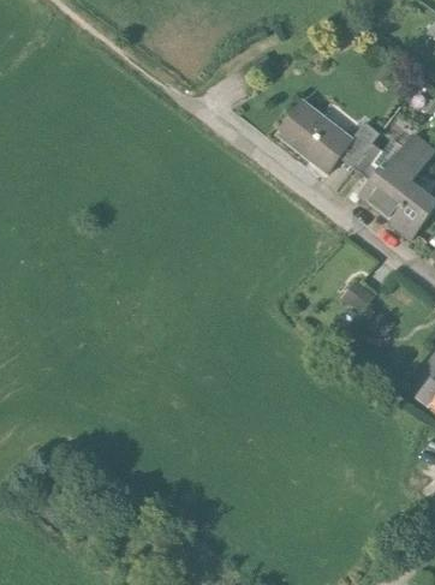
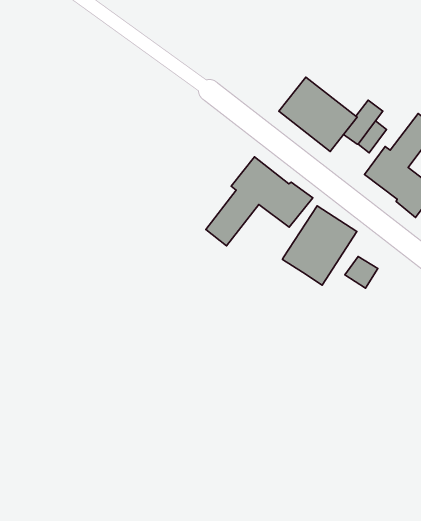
building: none -> [206,157,313,246]
building: none -> [283,206,357,285]

